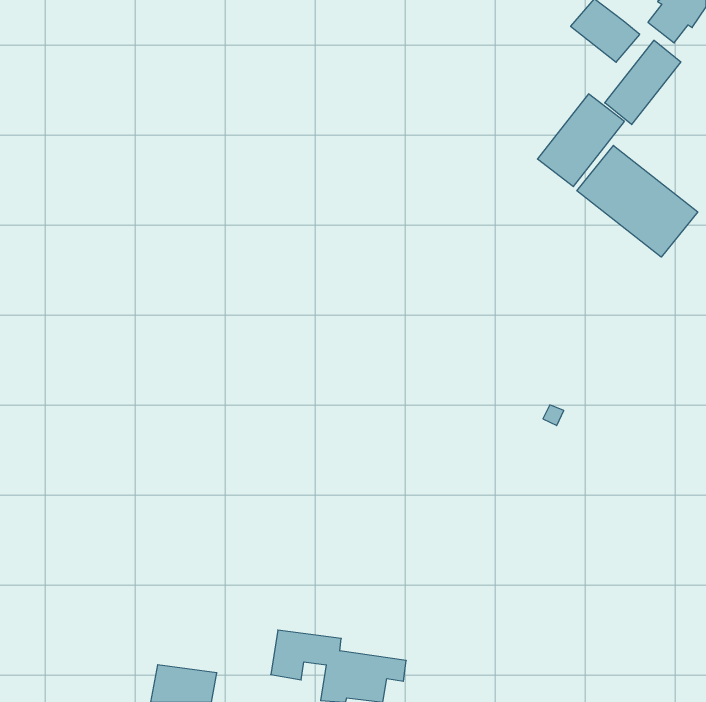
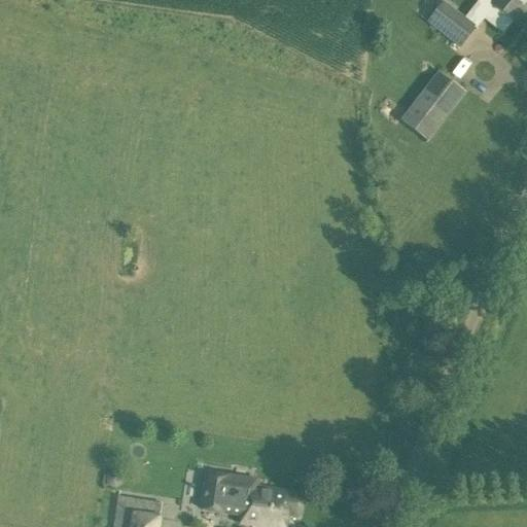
building: [605,40,681,125] -> none
building: [577,145,698,257] -> none

